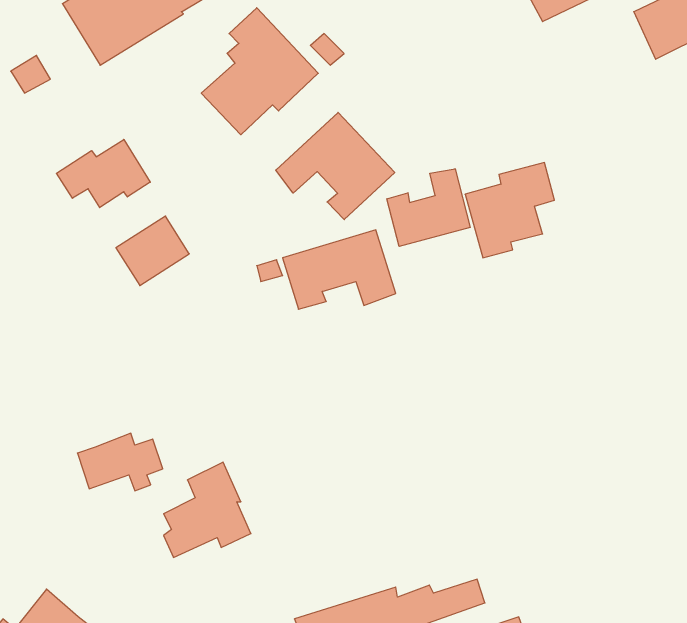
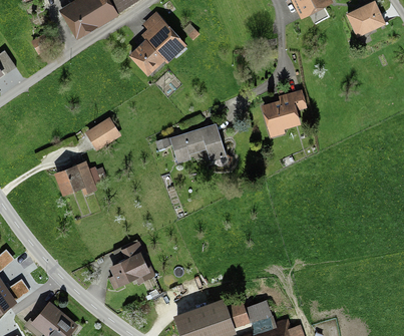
building: [276,112,395,220] -> none
building: [56,139,150,208] -> none
building: [387,169,470,246] -> none
building: [77,433,163,491] -> [58,163,101,193]

